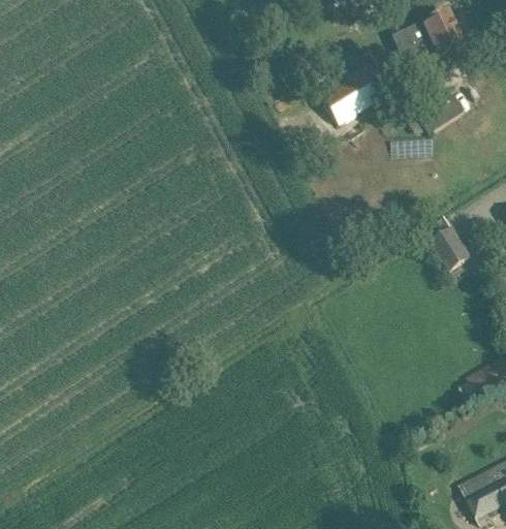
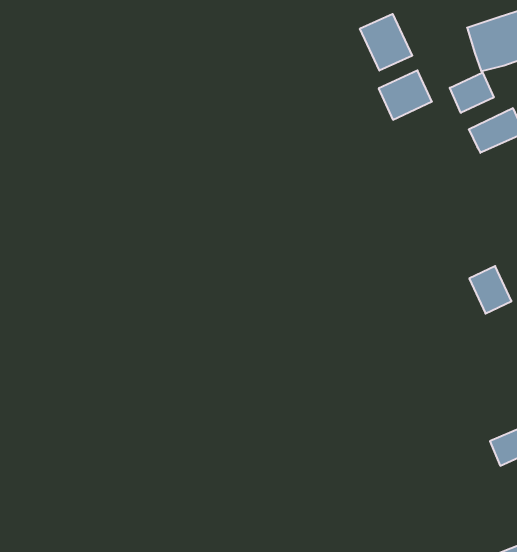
building: none -> [360,14,412,71]
building: none -> [450,72,494,113]

